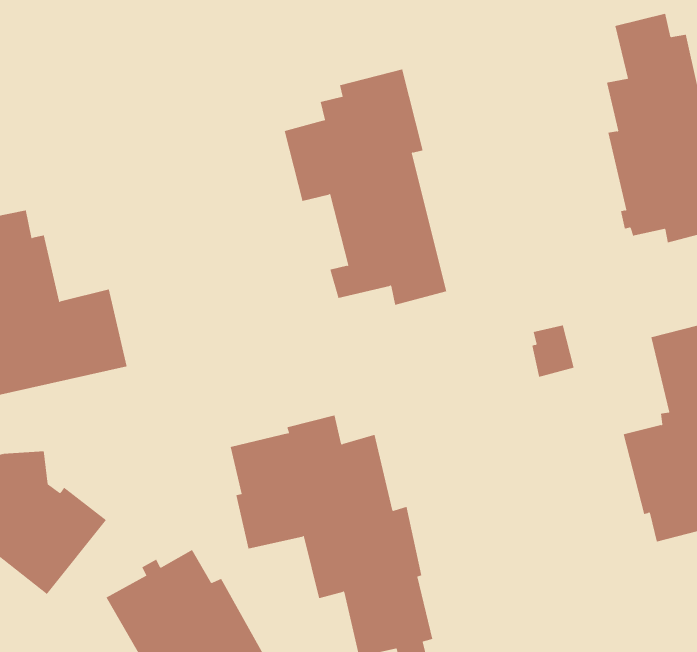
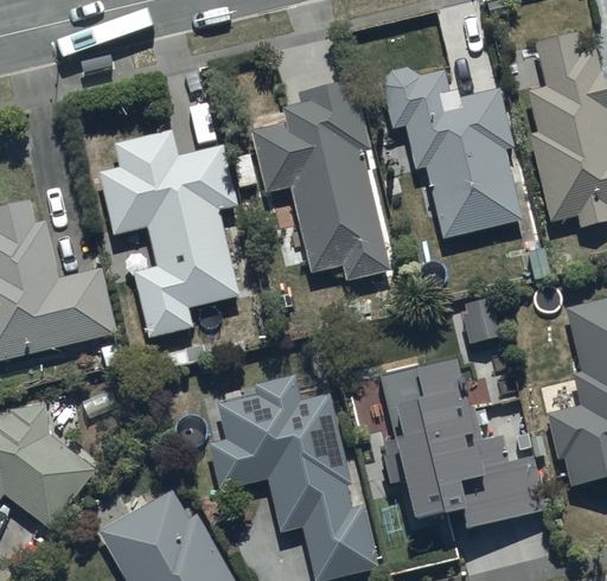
building: none -> [383,68,523,238]
building: none -> [100,129,238,337]
building: none -> [359,345,513,555]

